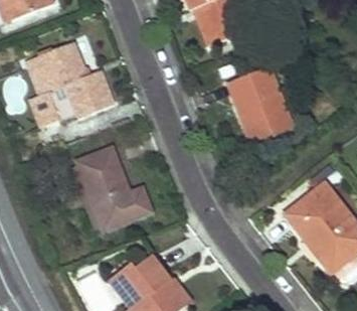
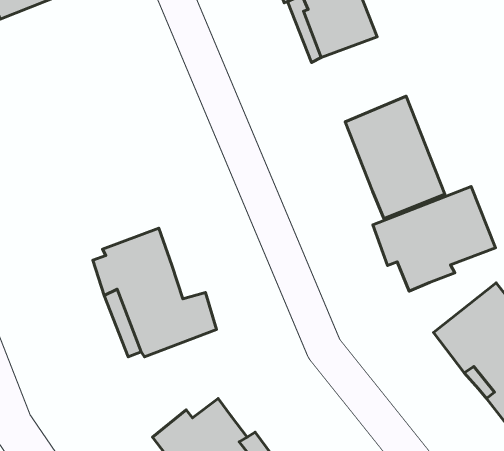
building: [25,42,113,125] -> none
building: none -> [373,187,495,291]

